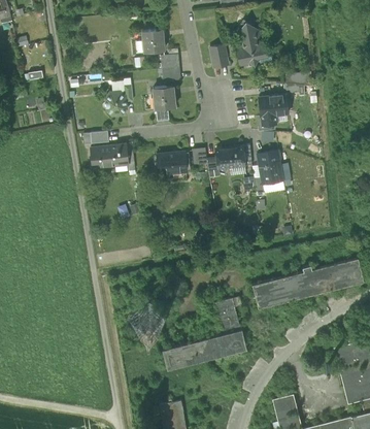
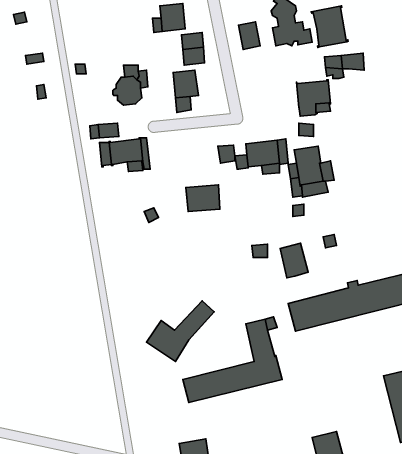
building: none -> [311,6,348,47]
building: [157,152,186,174] -> [186,185,220,212]
building: none -> [280,243,308,278]

